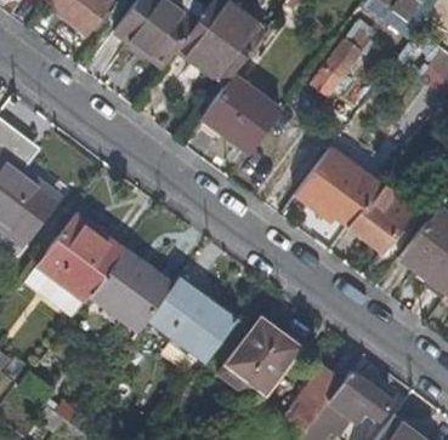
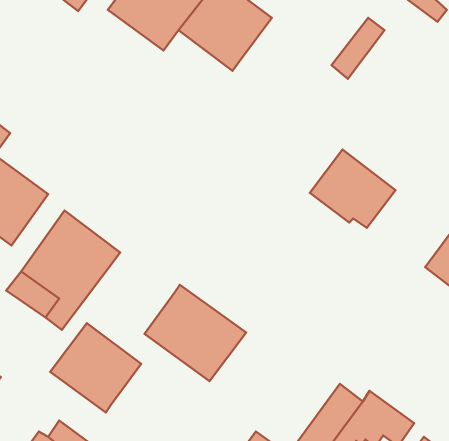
building: [200,78,280,156] -> none
building: [344,185,412,256] -> none
building: [91,248,172,328] -> [50,323,141,413]
building: [225,316,294,389] -> none

